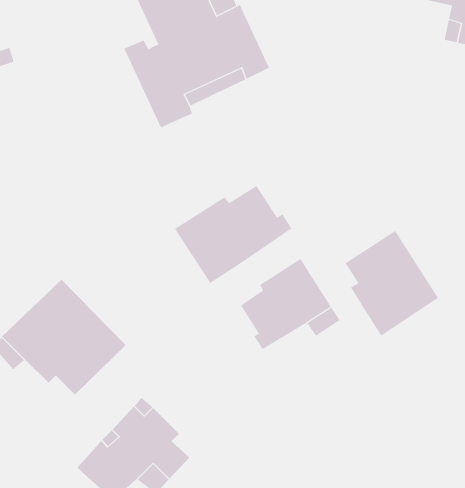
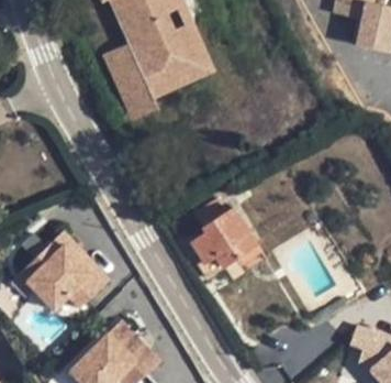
building: [174,185,292,284] -> none
building: [345,230,439,336] -> none

